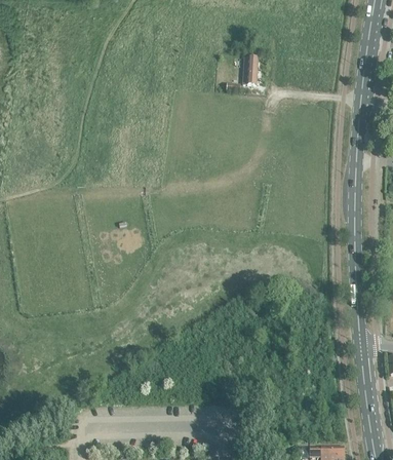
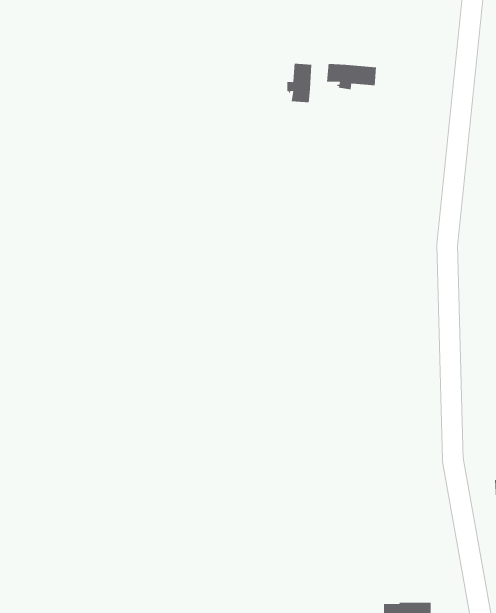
building: none -> [327,63,377,90]

